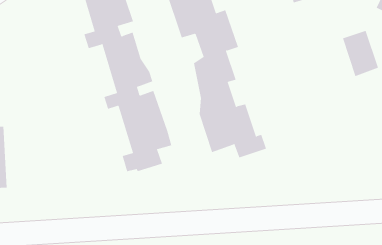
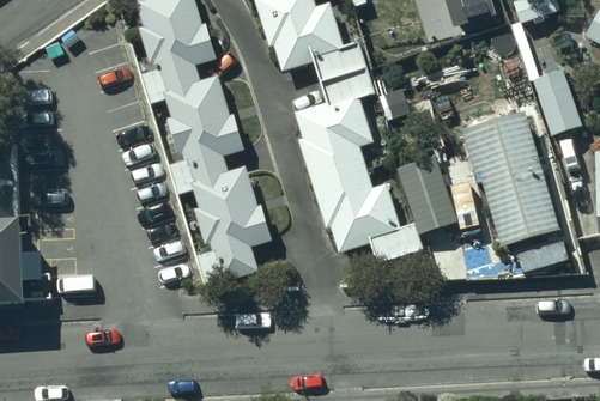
building: none -> [465,119,566,256]
building: none -> [393,154,453,231]

